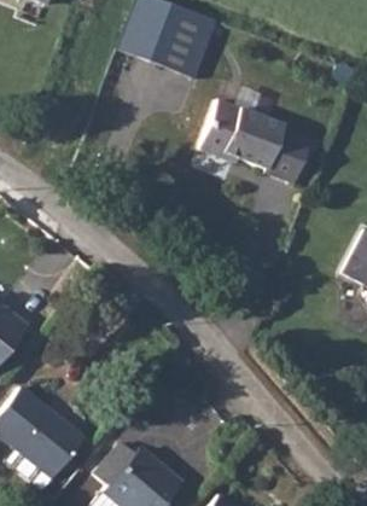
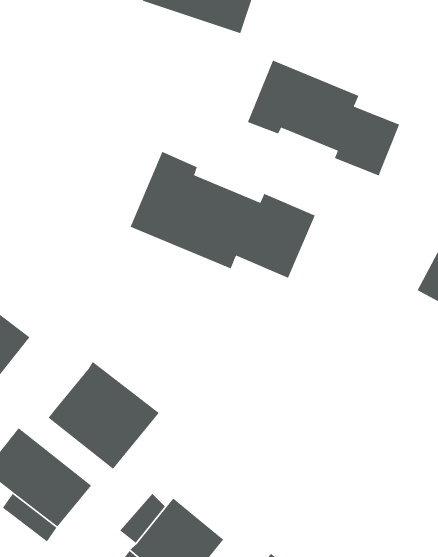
building: none -> [130,151,316,279]
building: none -> [48,361,160,470]

